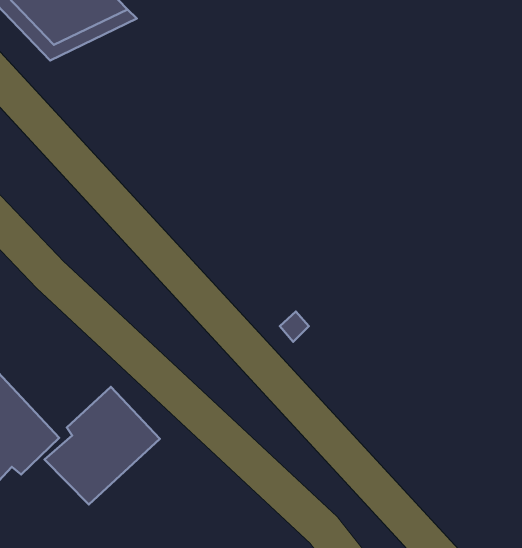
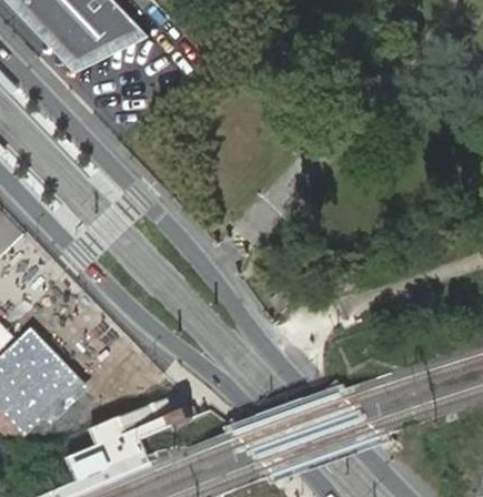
building: [44,387,160,505] -> none

